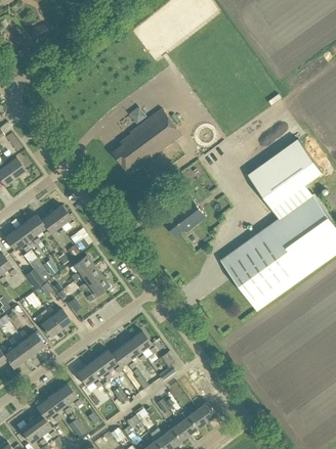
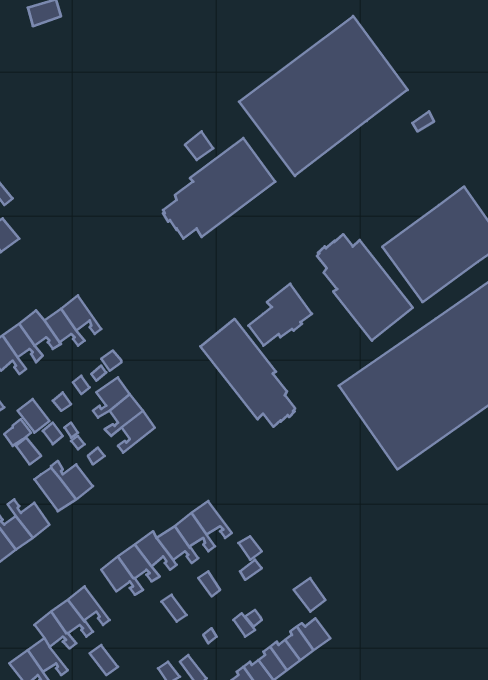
building: none -> [239,16,408,176]
building: none -> [317,234,413,341]
building: none -> [200,319,295,427]

